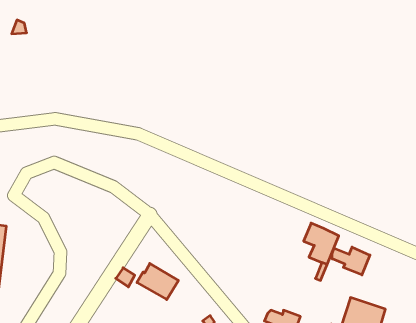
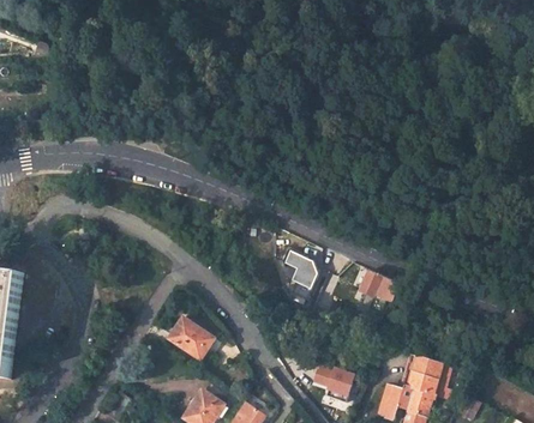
building: none -> [280,248,316,300]
building: [332,247,370,275] -> none

